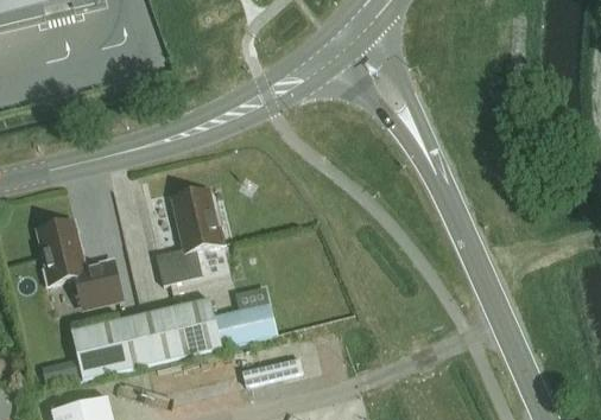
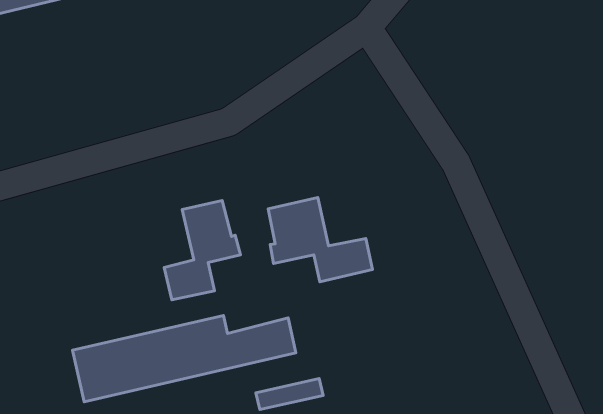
building: none -> [268,198,372,282]
building: [38,224,121,303] -> none

